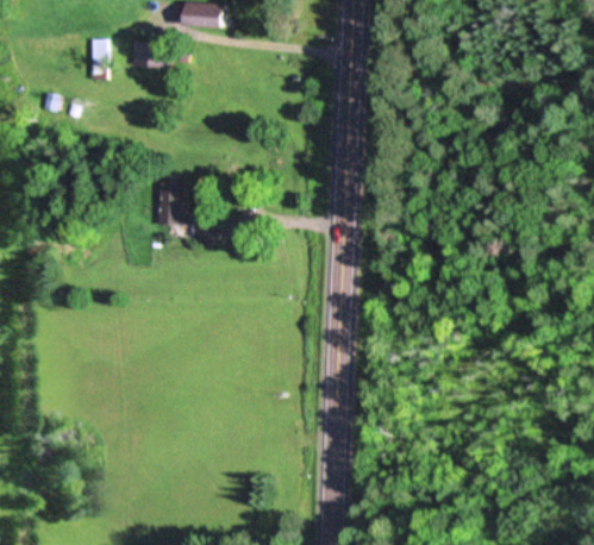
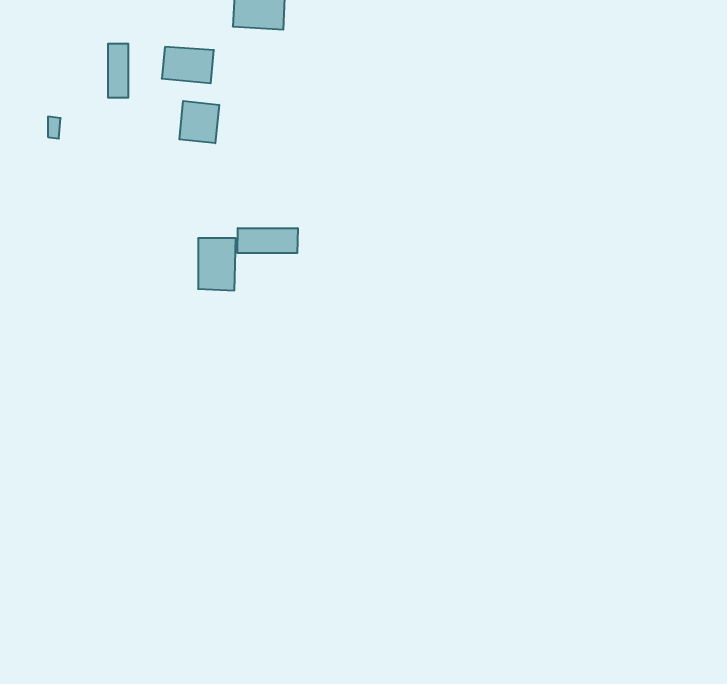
building: none -> [179,101,219,143]
building: none -> [237,228,298,253]

